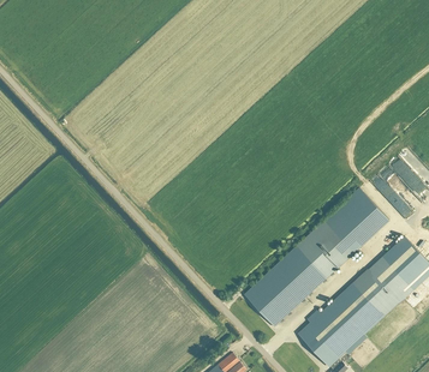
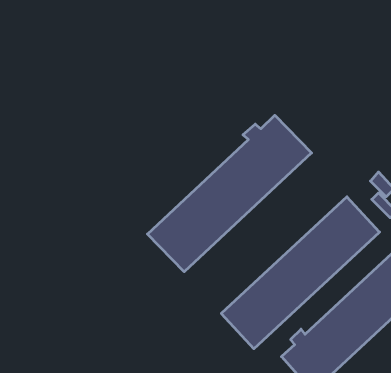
building: none -> [147,115,312,272]

